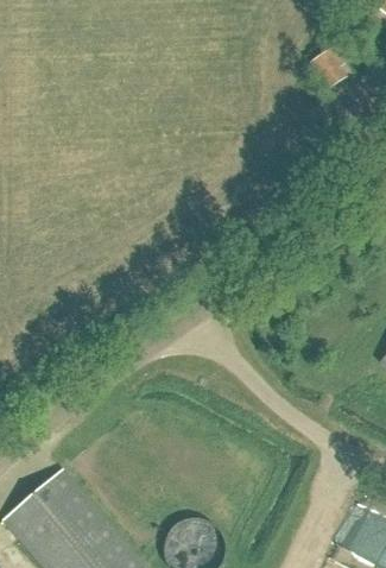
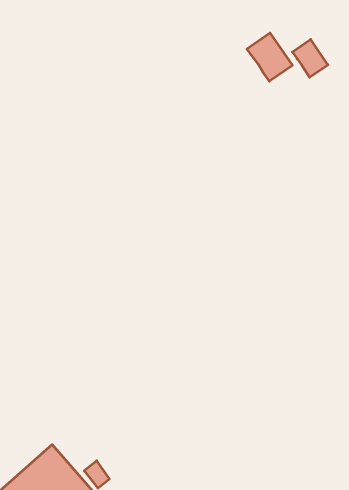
building: none -> [247,33,292,81]

